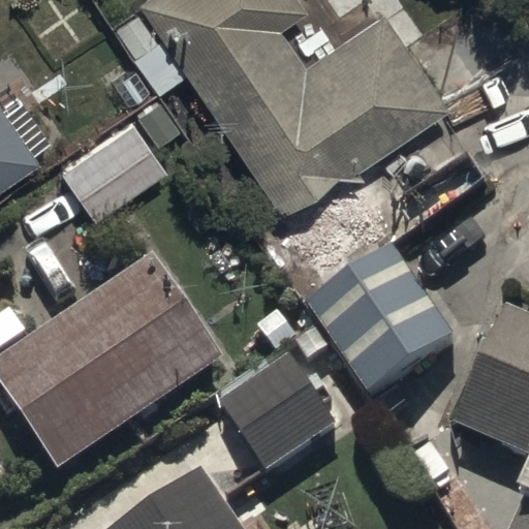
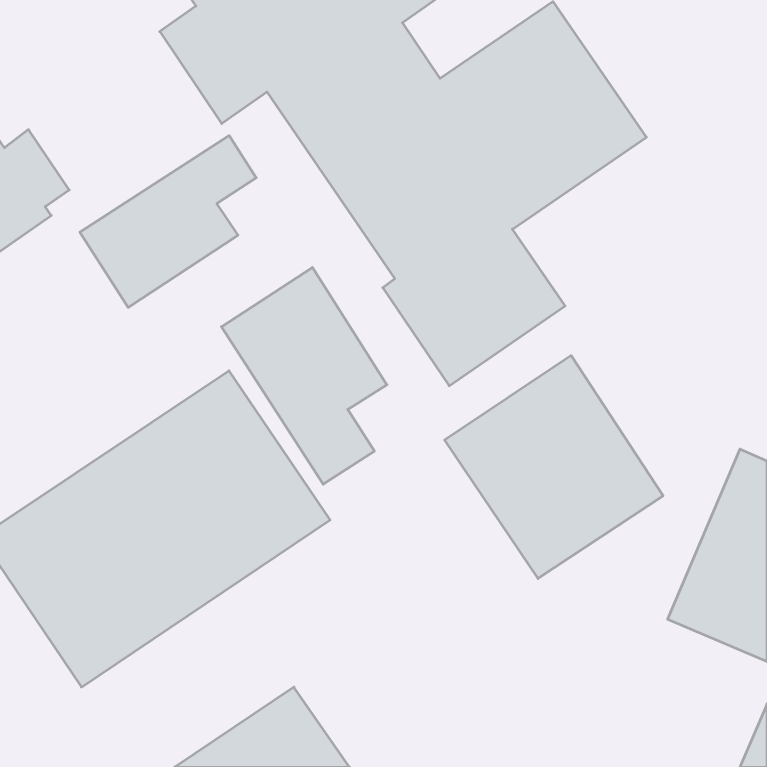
building: none -> [221,267,387,484]
building: [215,348,338,472] -> none

